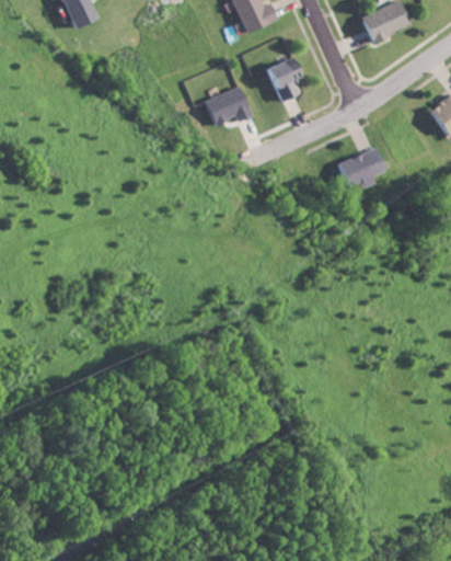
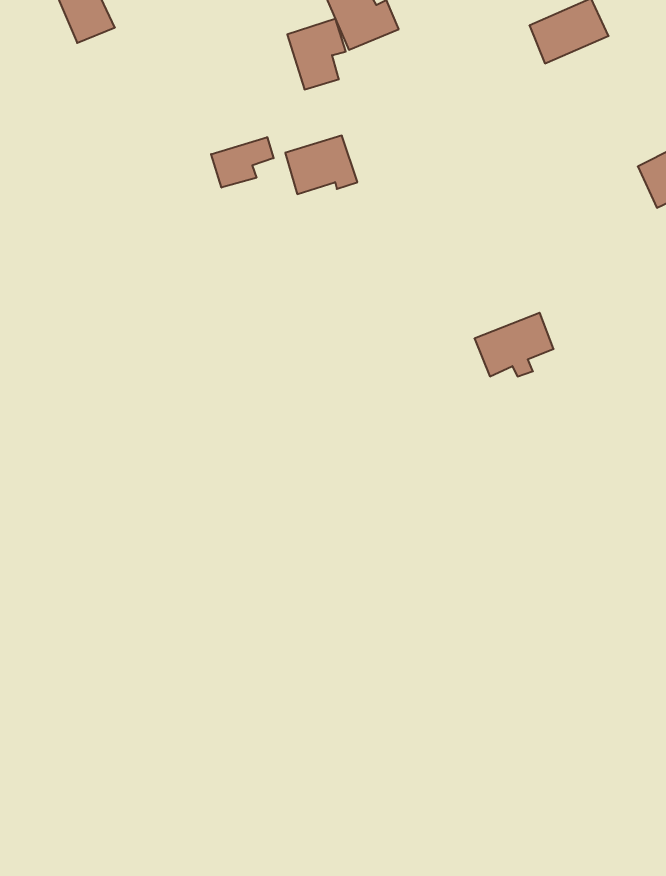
building: [267,57,304,102] -> [287,19,346,89]
building: none -> [211,137,274,188]
building: [336,147,386,187] -> [474,313,554,376]

